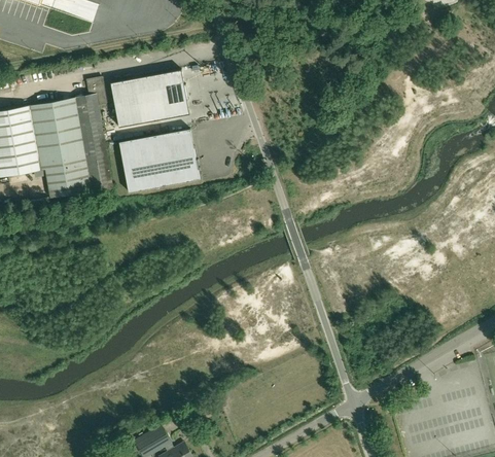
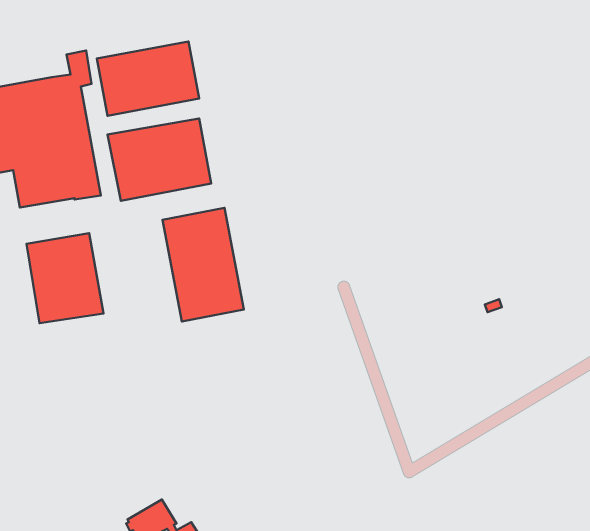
building: none -> [162,208,244,322]
building: none -> [27,233,103,323]

